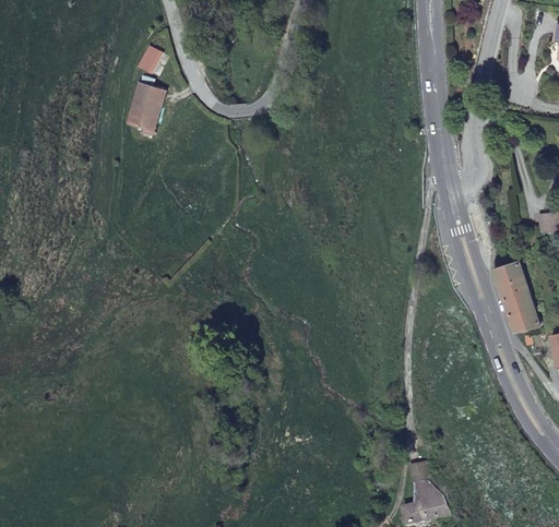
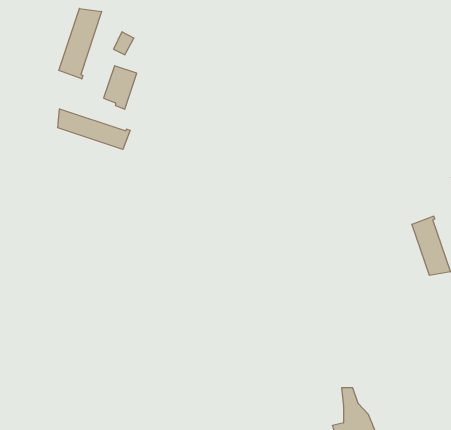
building: none -> [59,8,102,79]
building: none -> [58,109,130,149]

